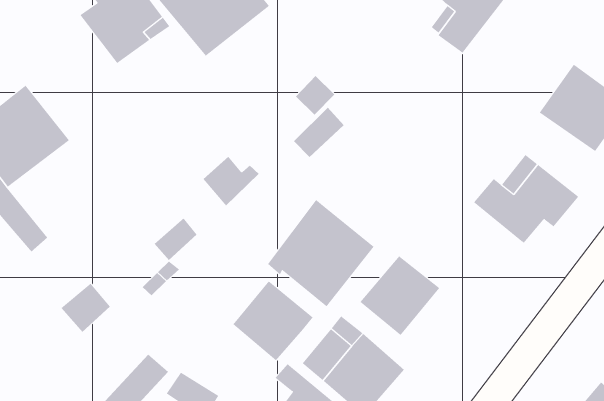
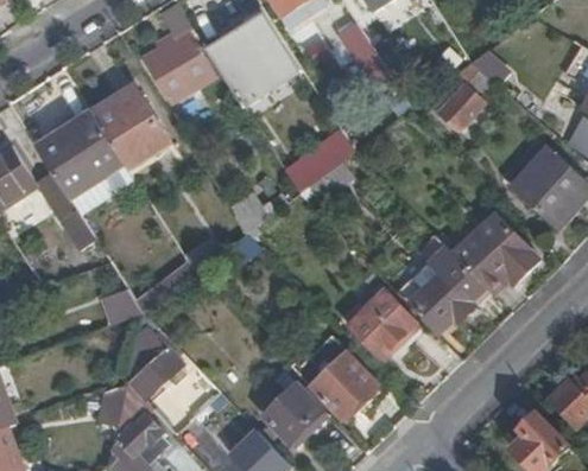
building: none -> [91,85,171,171]
building: [267,199,375,307] -> [397,246,487,336]
building: [232,281,314,361] -> none

